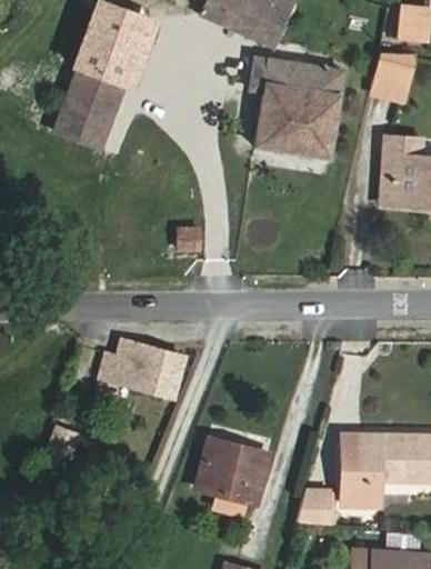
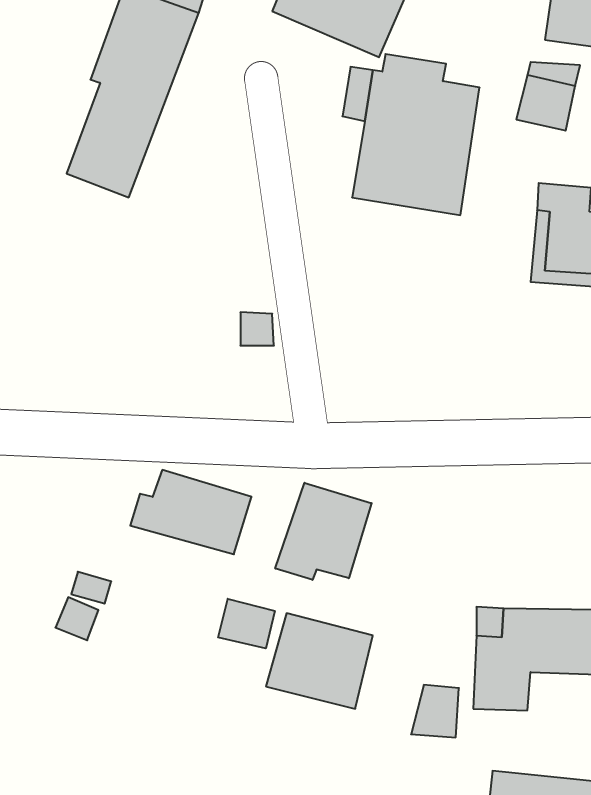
building: none -> [275,483,372,580]
building: none -> [218,599,275,648]

